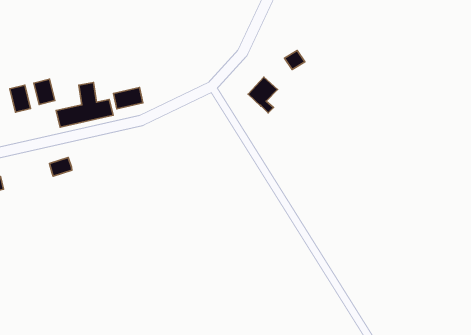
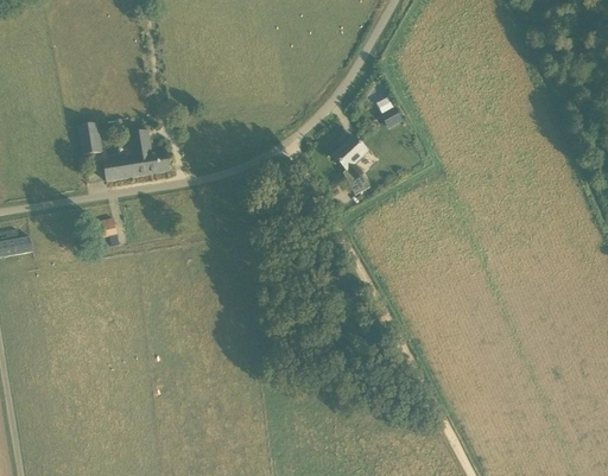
building: [10,85,30,112] -> none
building: [114,88,143,109] -> none

